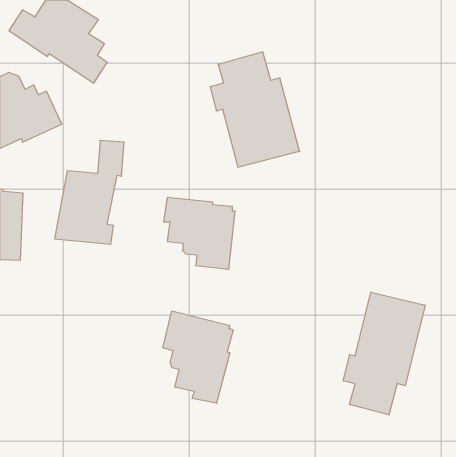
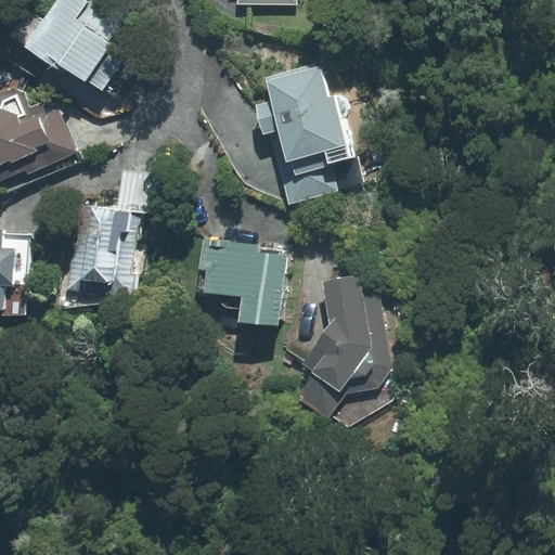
building: none -> [295,275,399,426]
building: [343,292,425,415] -> none
building: [163,311,233,403] -> none

